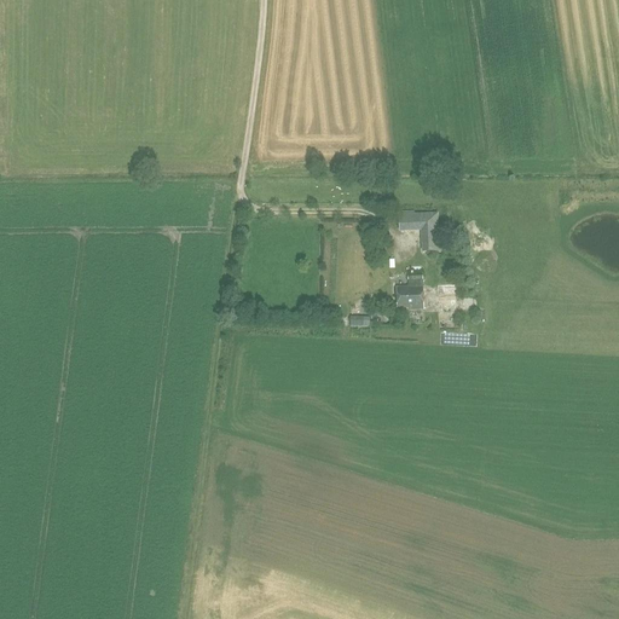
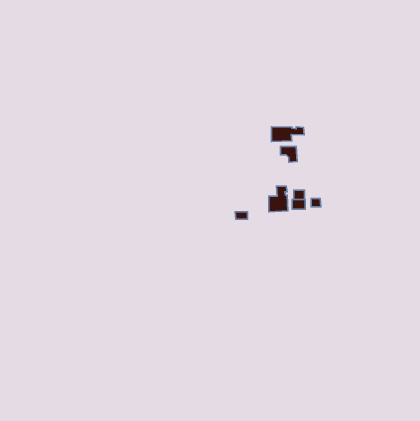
building: none -> [272,127,304,141]

